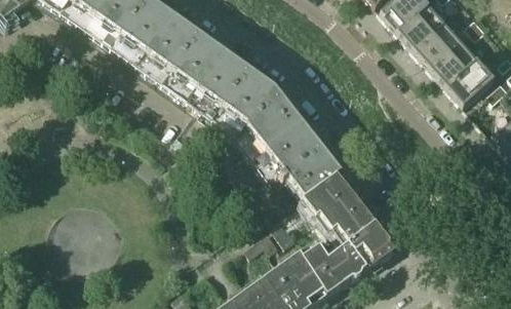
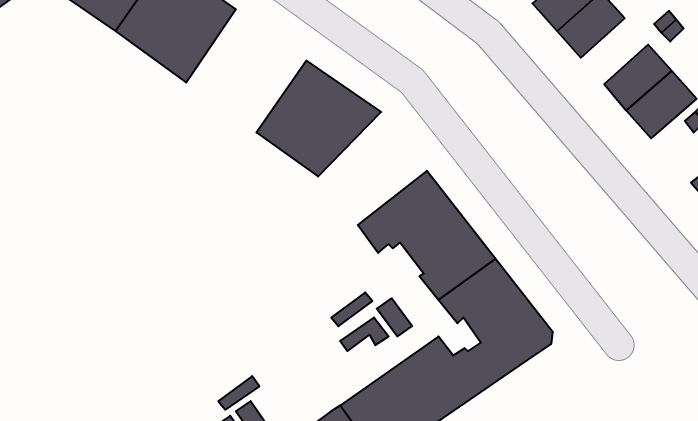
building: [140,11,224,98] -> none
building: [416,17,463,64] -> none
building: [232,83,308,162] -> none

